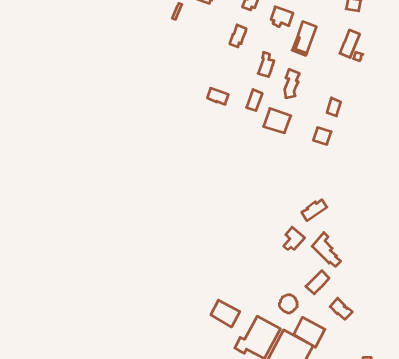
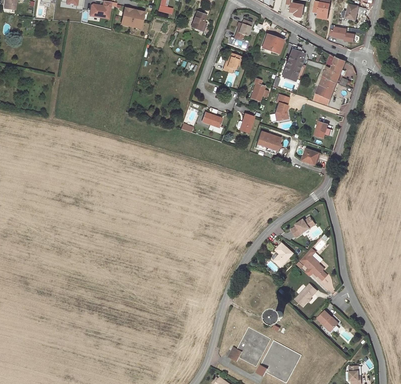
building: none -> [314,67,337,105]
building: [211,300,240,327] -> none
building: [294,317,325,347] -> none

